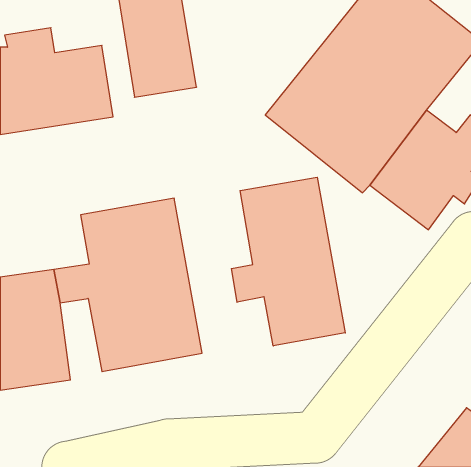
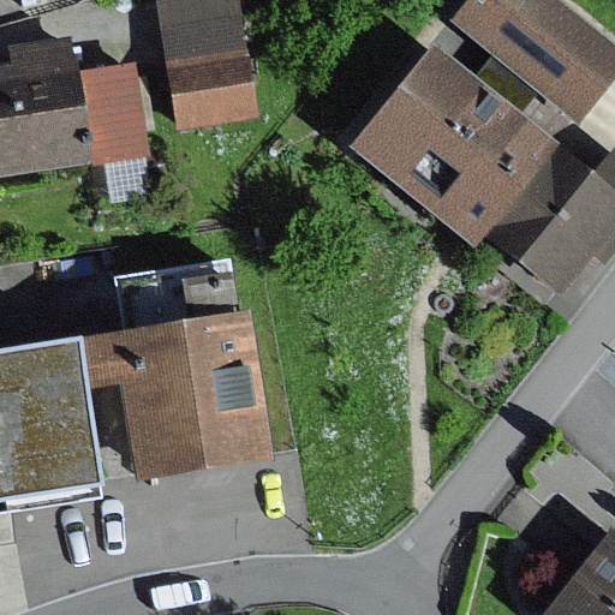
building: [231,177,345,346] -> none

